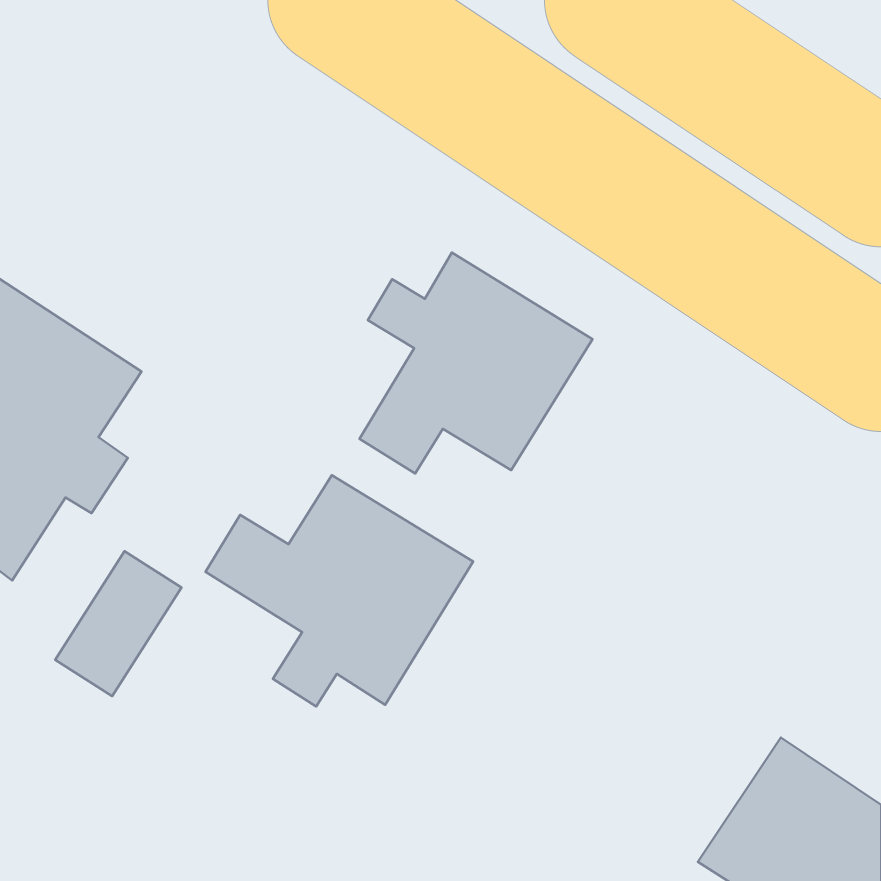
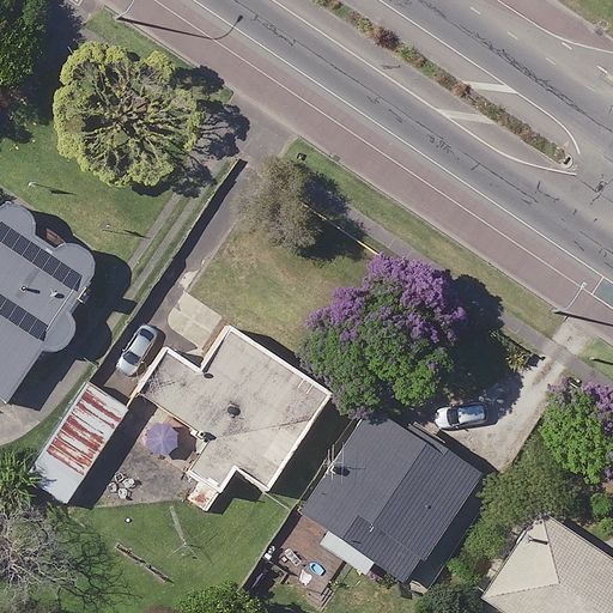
building: [360,253,592,473] -> none
building: none -> [303,403,479,595]

